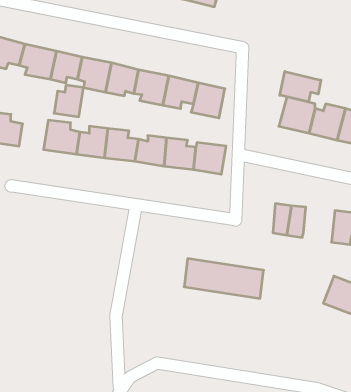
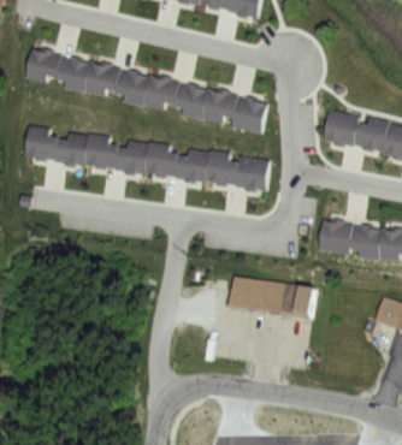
building: [280,71,321,102] -> none
building: [54,85,83,117] -> [57,131,87,164]
building: none -> [349,222,382,259]

